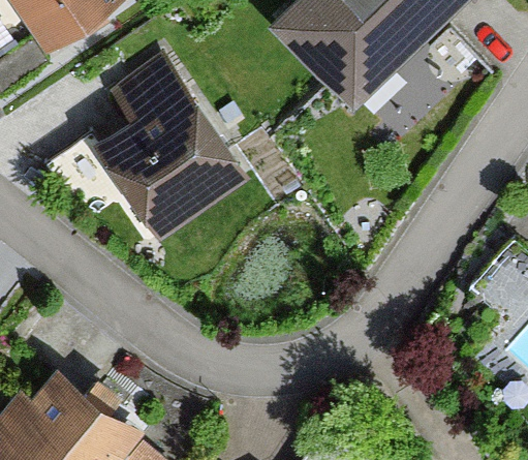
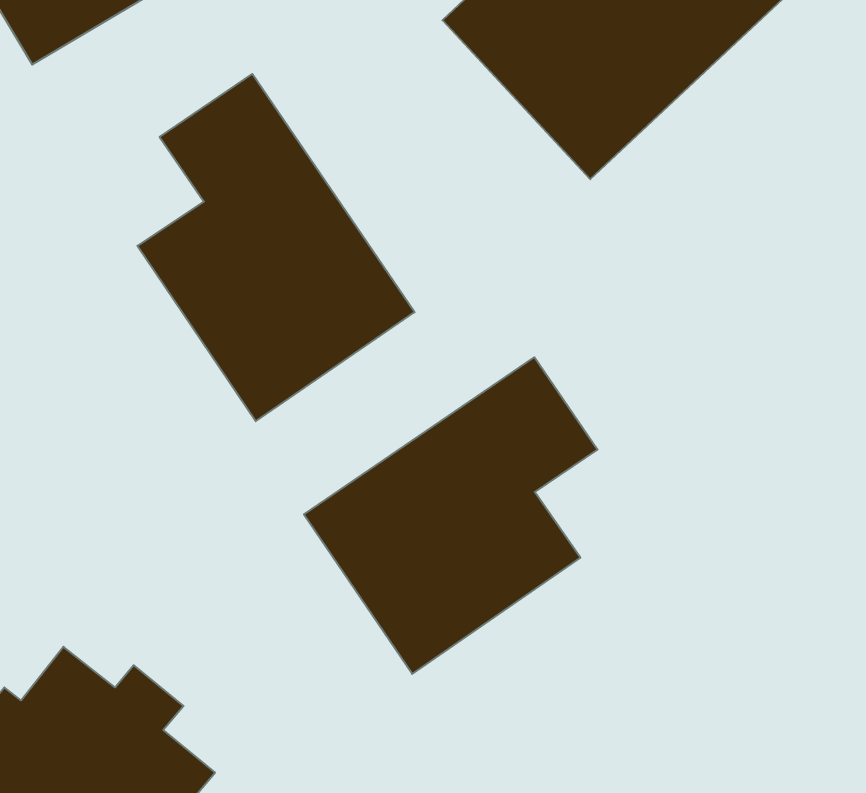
building: none -> [304,357,598,674]

